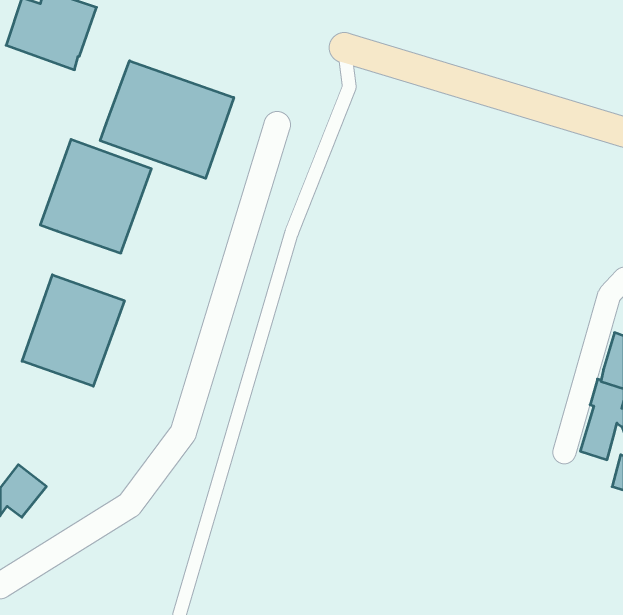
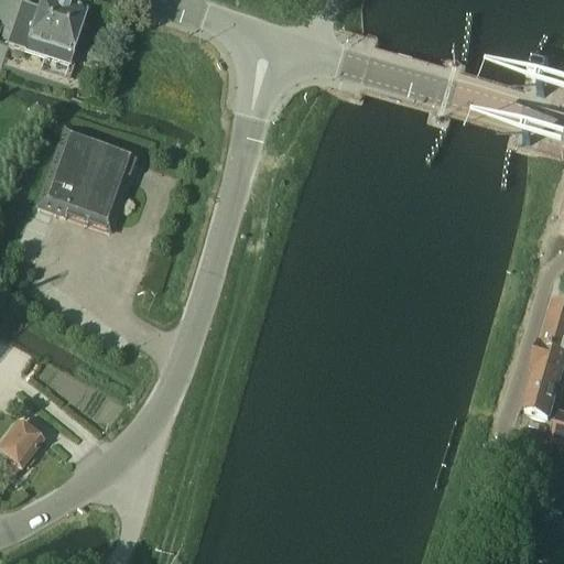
building: [100,61,234,178] -> none
building: [22,275,124,386] -> none

